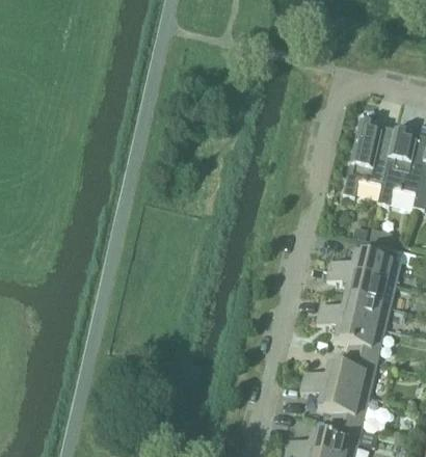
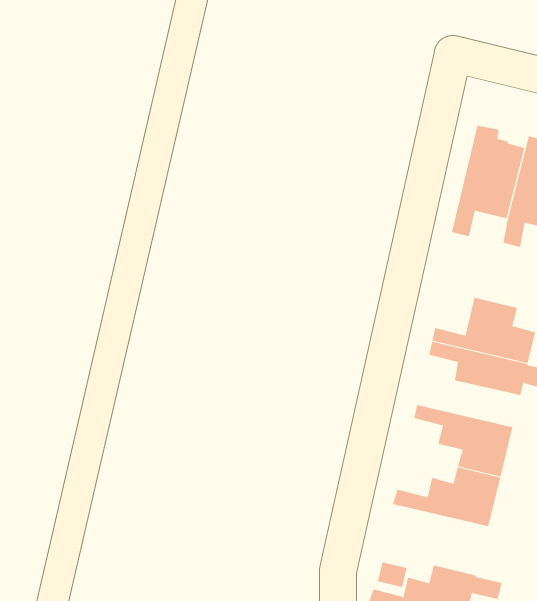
building: [318,295,390,327] -> none
building: [299,380,368,429] -> none

